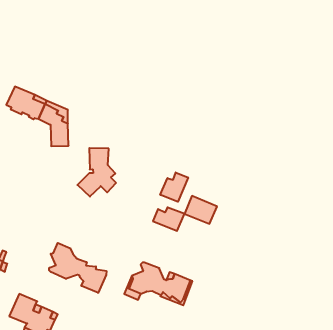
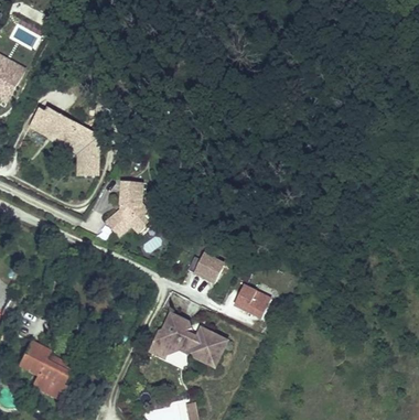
building: [160,172,188,202] -> none
building: [185,196,217,224] -> [234,284,271,317]
building: [49,243,106,293] -> none

